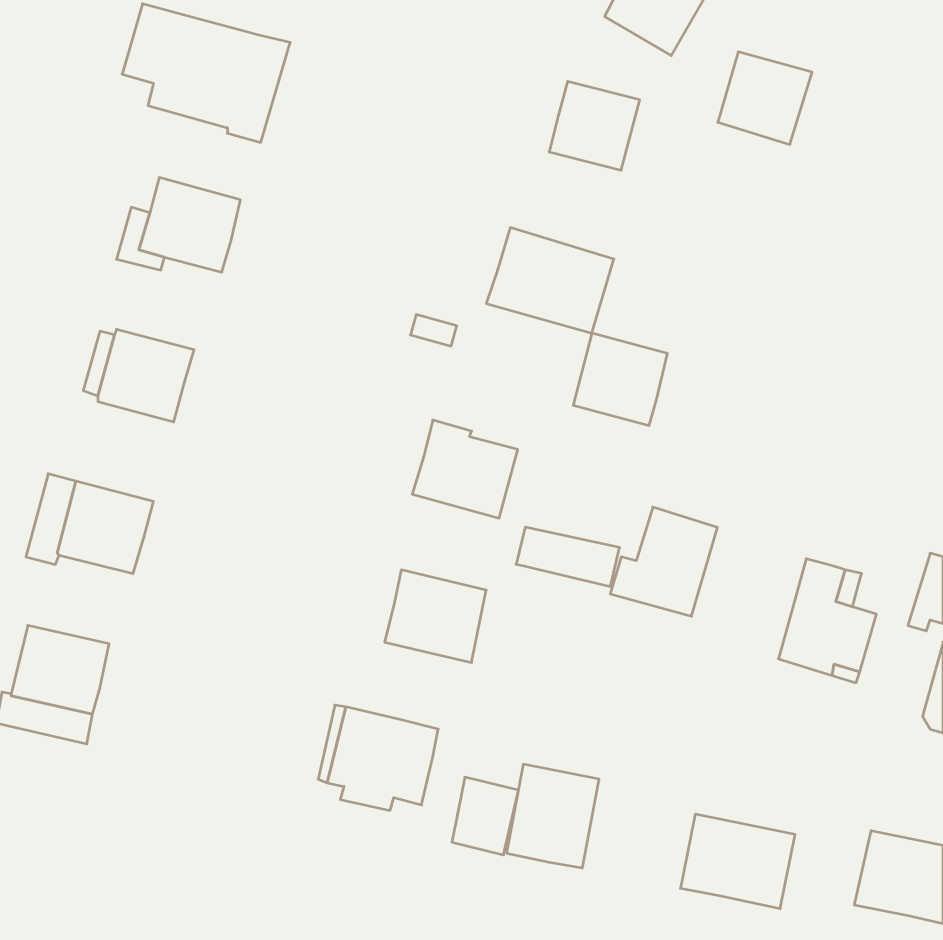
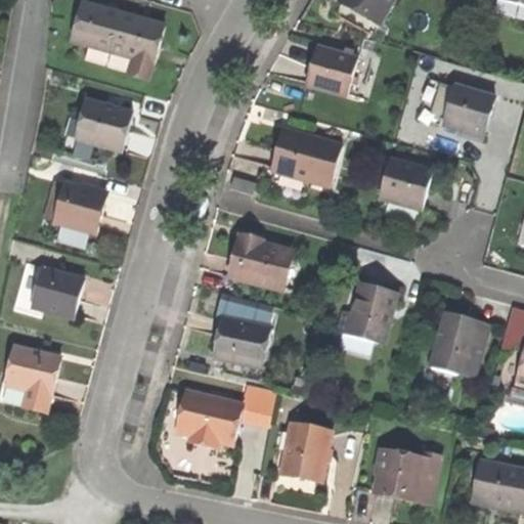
building: [718,52,812,144] -> [444,83,496,134]
building: [573,333,667,426] -> [381,159,433,210]
building: [516,527,620,586] -> [217,294,274,326]
building: [452,777,518,855] -> [239,383,276,426]

